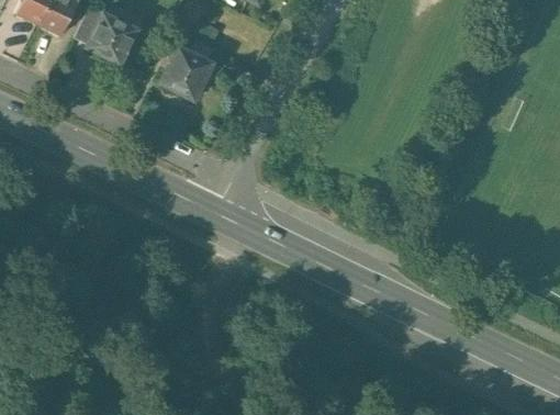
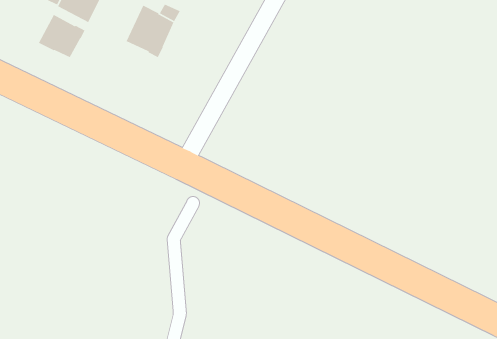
building: none -> [38,14,86,58]

